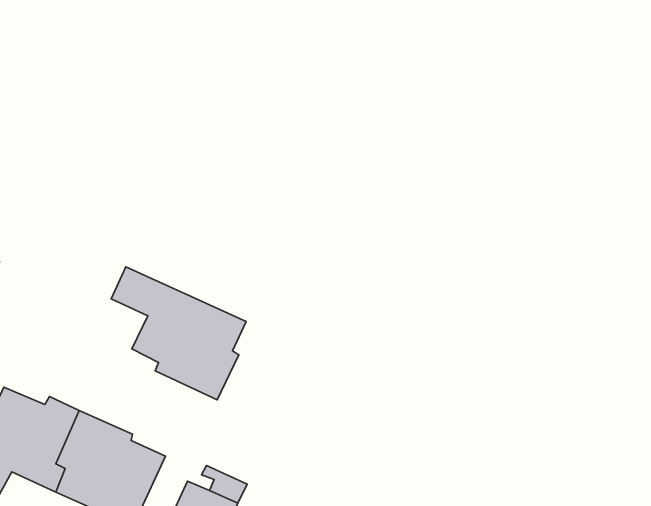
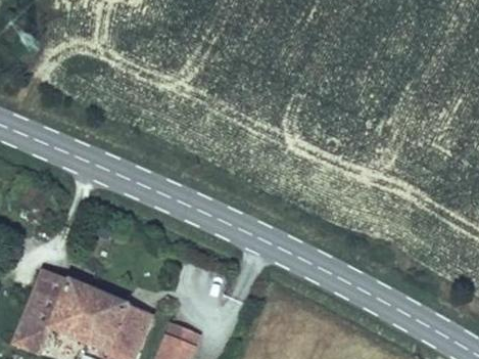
building: [111,267,246,400] -> none

